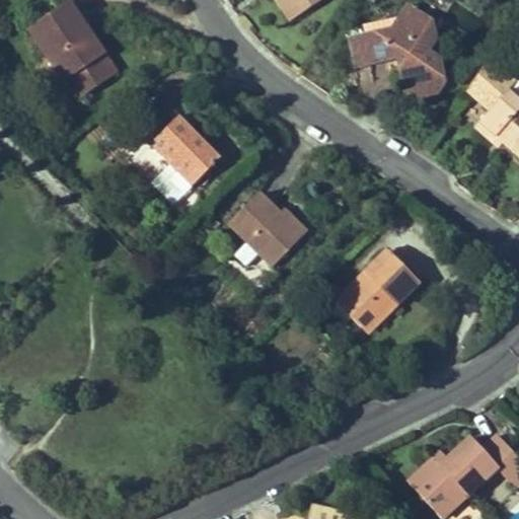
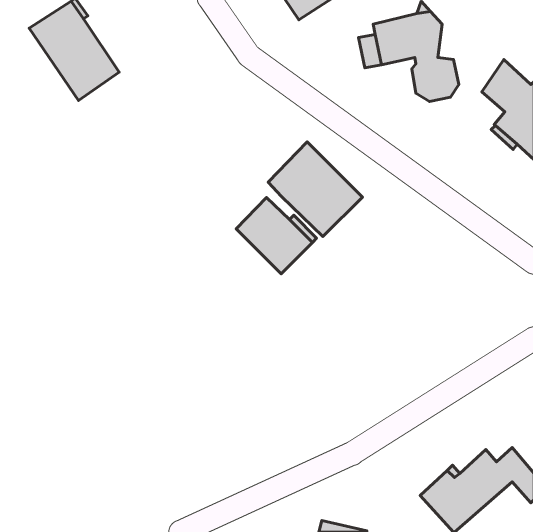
building: [142,116,221,196] -> none
building: none -> [268,142,363,237]
building: [337,249,420,332] -> none

